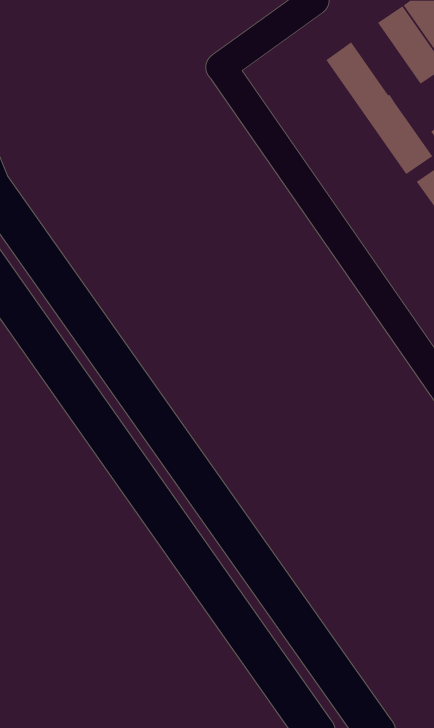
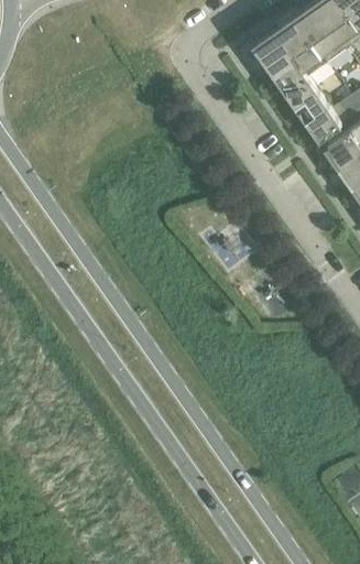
building: none -> [274,21,327,83]

